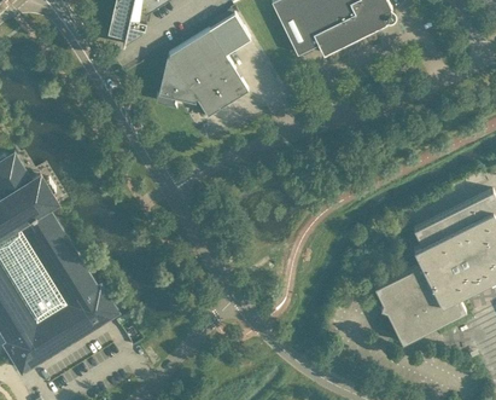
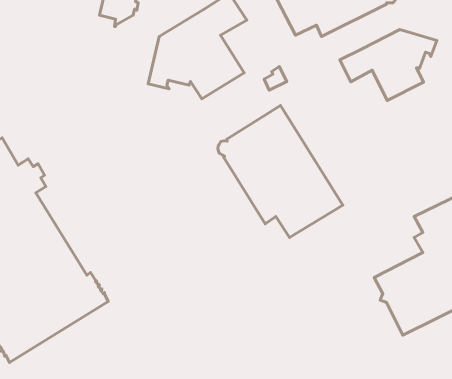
building: none -> [340,30,437,101]
building: none -> [218,106,343,238]

